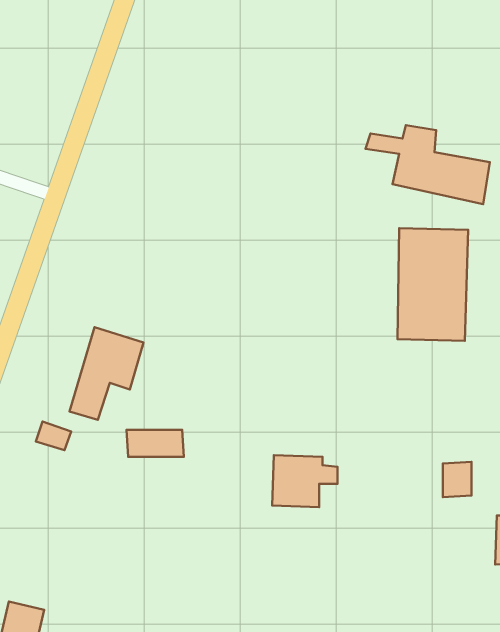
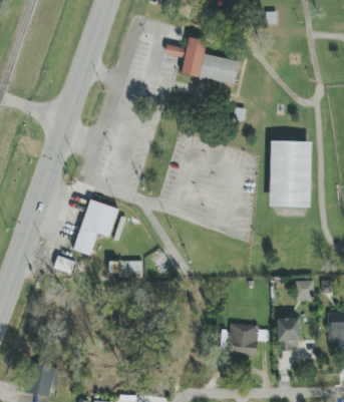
building: [365,125,490,204] -> [164,38,239,85]
building: [272,455,338,507] -> [229,324,268,355]
building: none -> [277,318,300,350]

